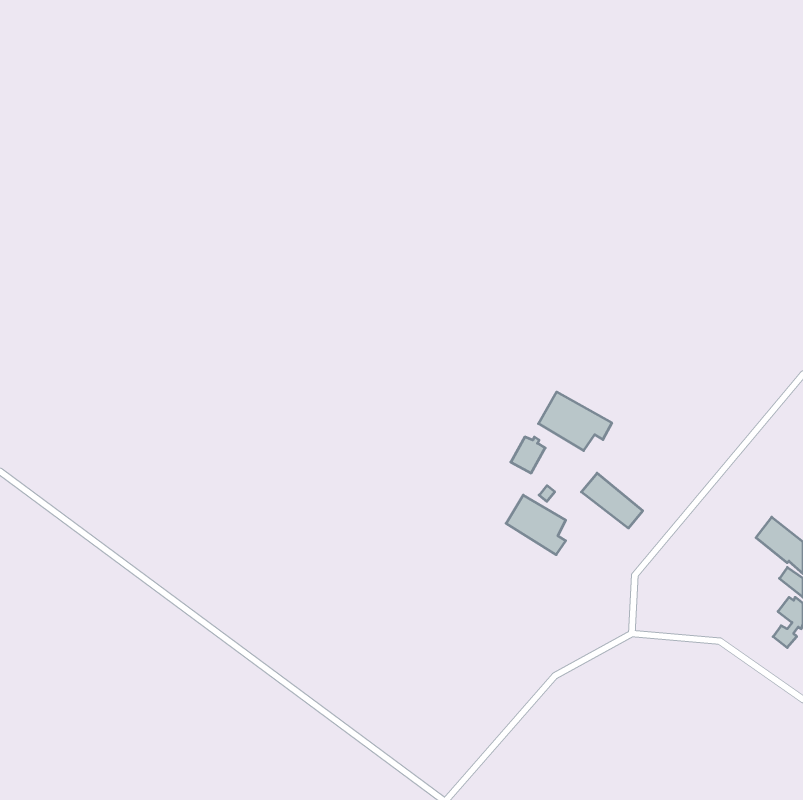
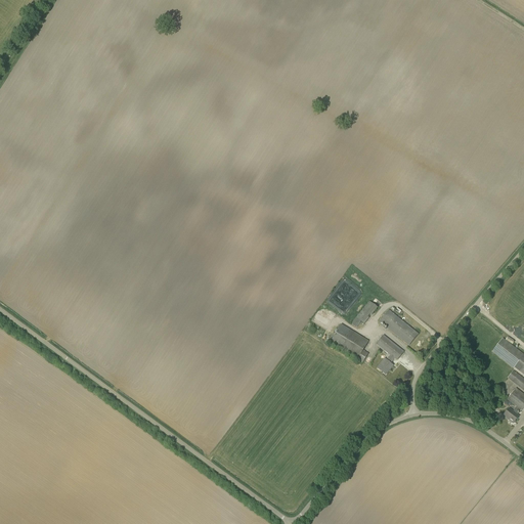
building: [538,392,612,451] -> none
building: none -> [376,334,404,373]

